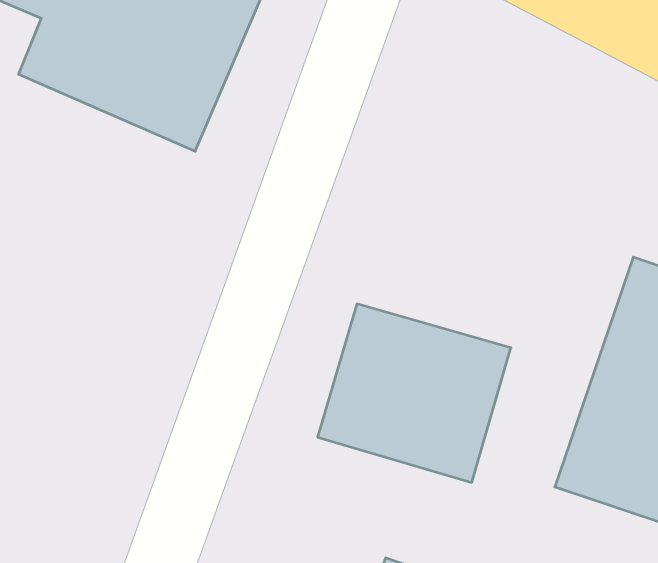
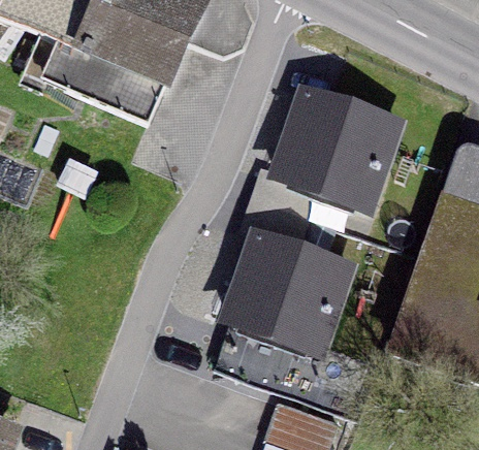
building: none -> [278,87,404,208]

